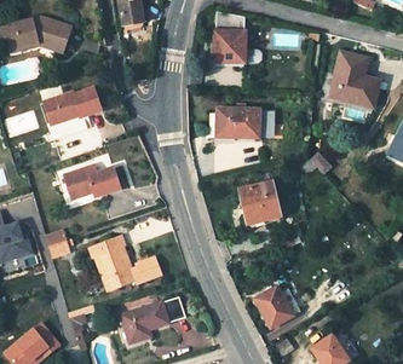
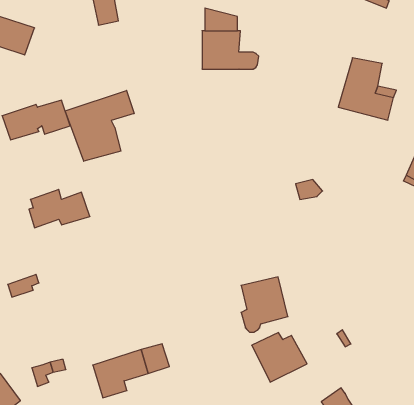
building: none -> [65,90,134,161]
building: [211,109,259,137] -> none
building: [241,181,281,229] -> [241,277,288,332]
building: [91,236,161,291] -> none

